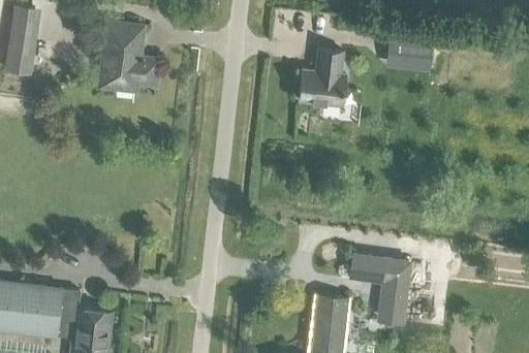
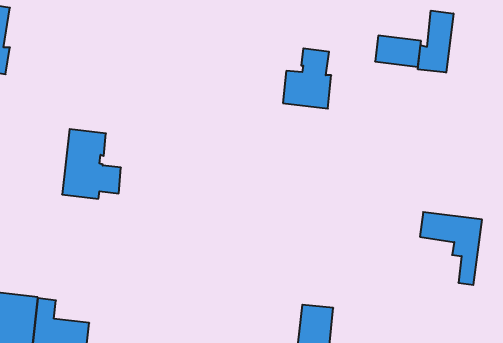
building: none -> [418,11,453,73]
building: [100,23,157,90] -> [62,129,121,199]
building: [350,254,410,324] -> [420,212,482,285]

